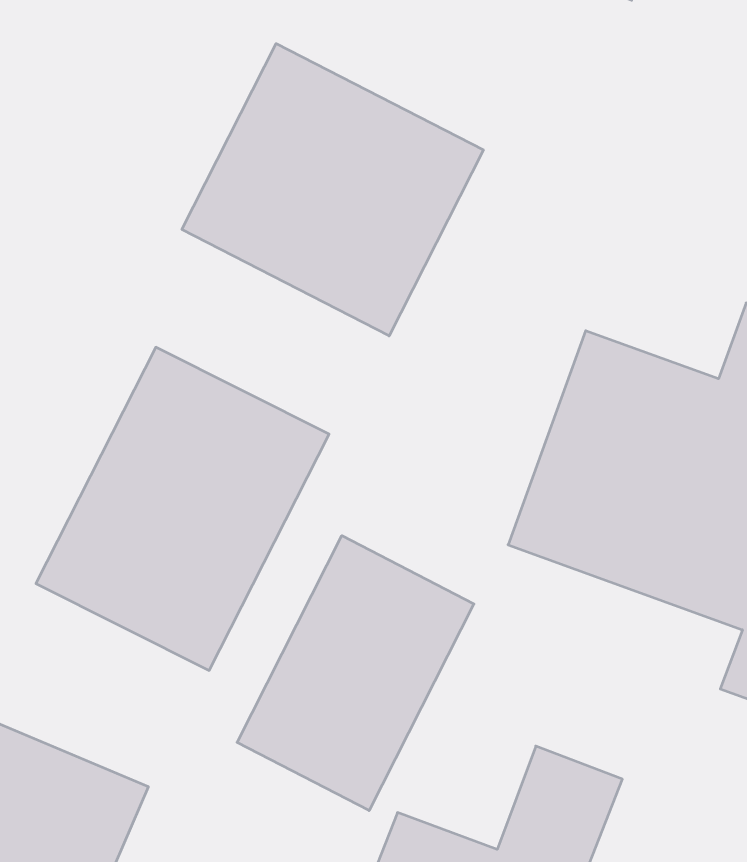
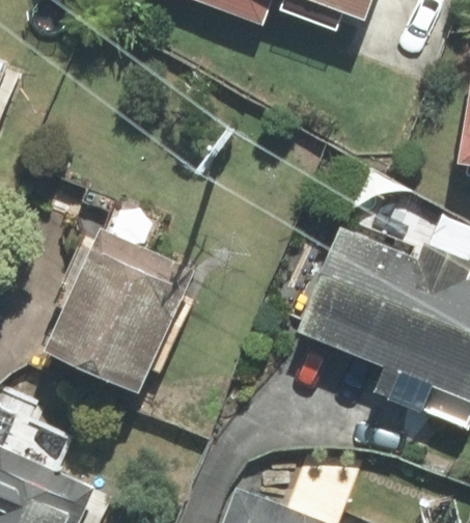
building: [182,44,483,336] -> none
building: [237,536,474,811] -> none

